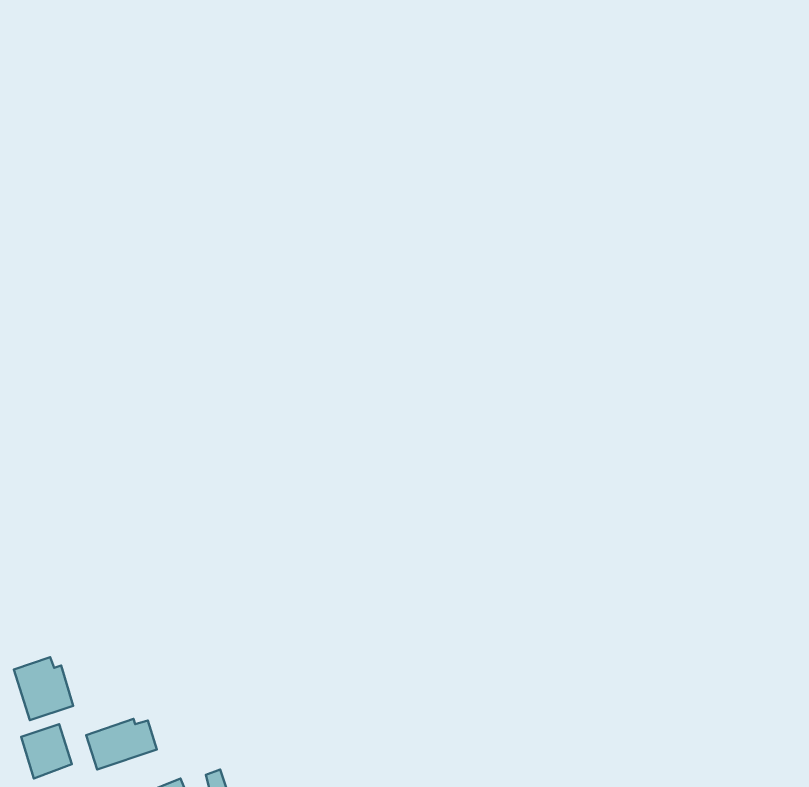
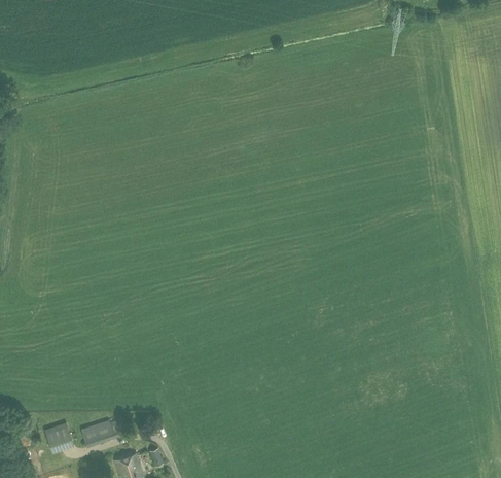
building: [14,657,73,720] -> none

